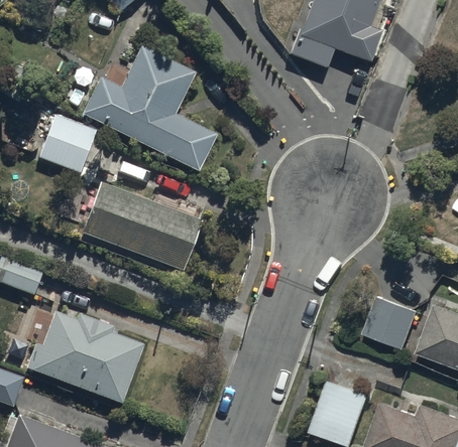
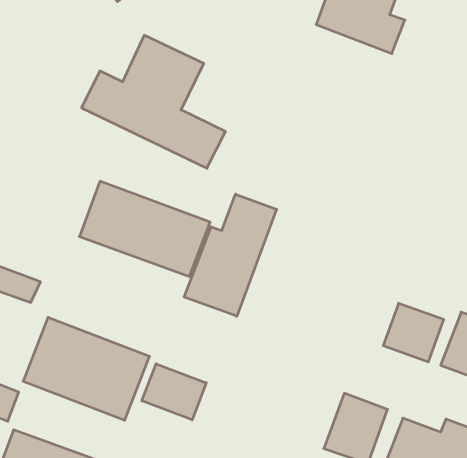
building: [37,115,97,174] -> none
building: none -> [184,194,277,316]
building: none -> [142,364,206,420]

